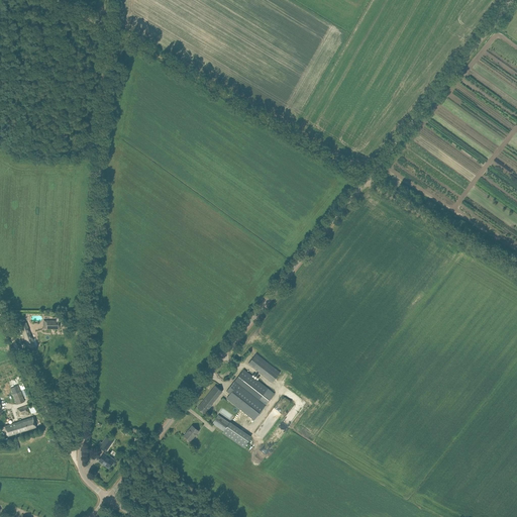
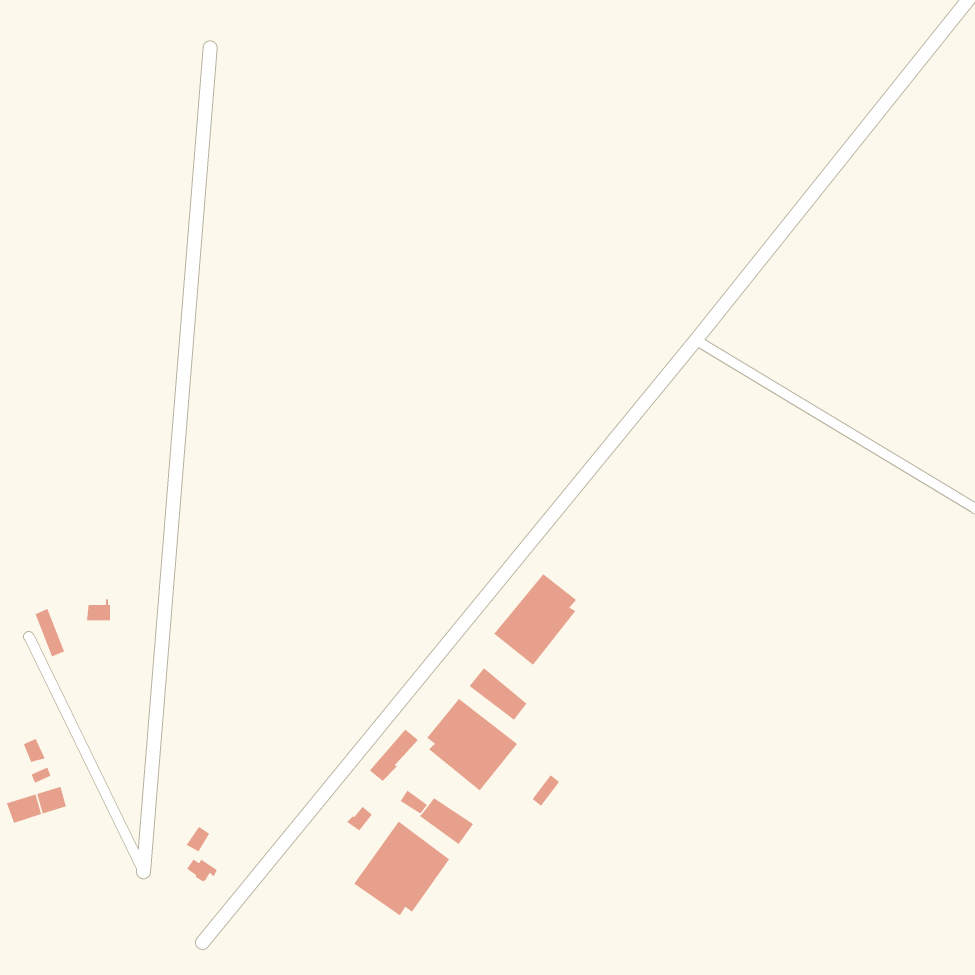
building: none -> [493,573,577,666]
building: none -> [353,821,450,917]

